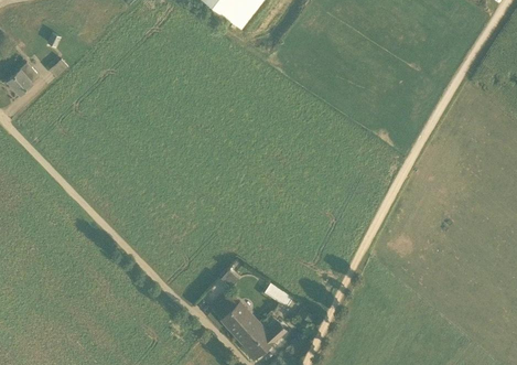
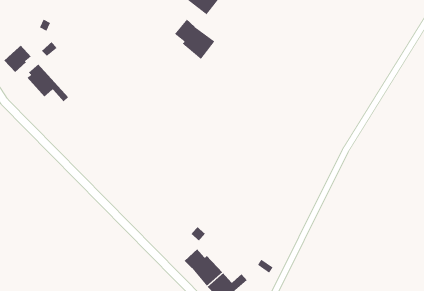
building: none -> [174,19,215,60]
building: none -> [26,64,69,102]

